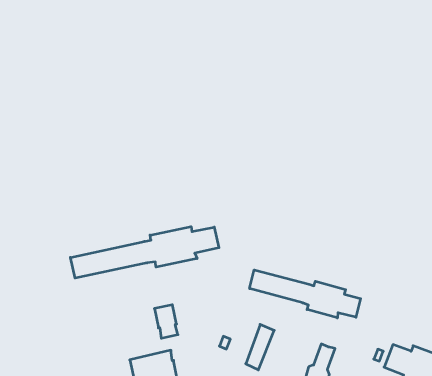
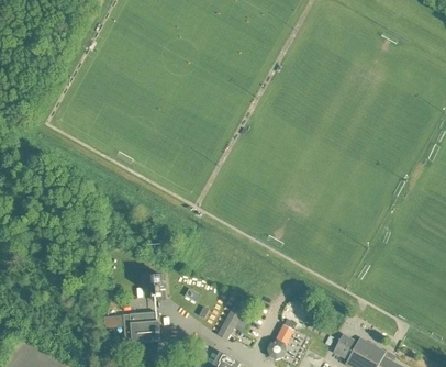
building: [70,227,219,278] -> none
building: [250,270,361,318] -> none

